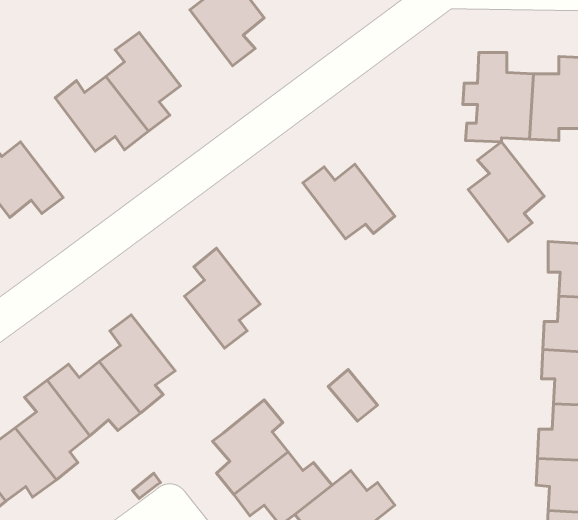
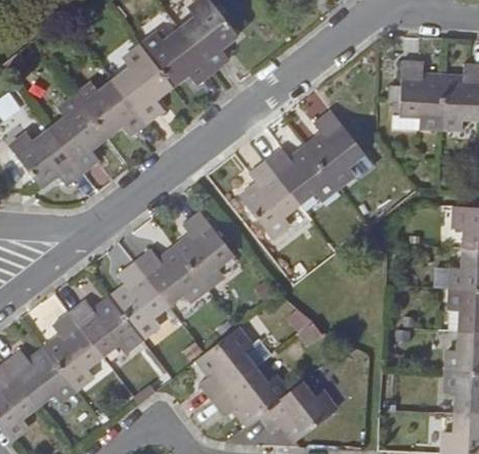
building: none -> [140,28,212,86]
building: none -> [49,95,106,172]
building: [468,142,544,242] -> [306,109,364,186]
building: none -> [241,161,299,237]
building: none -> [134,247,206,305]

